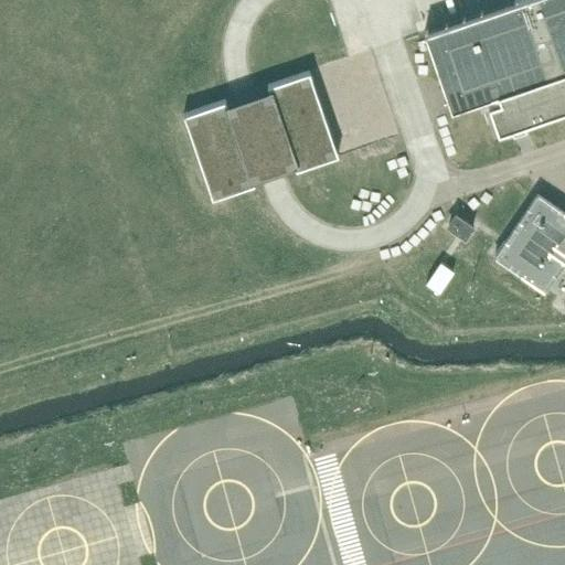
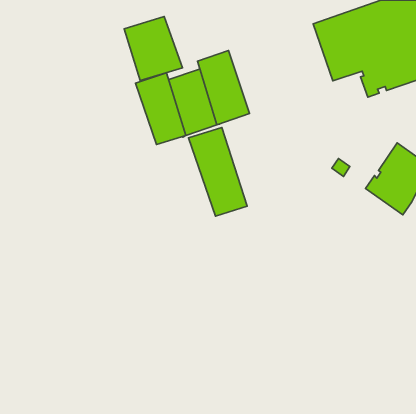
building: none -> [124,17,182,81]
building: none -> [188,128,247,216]

